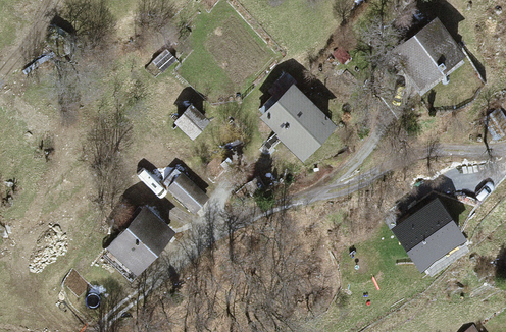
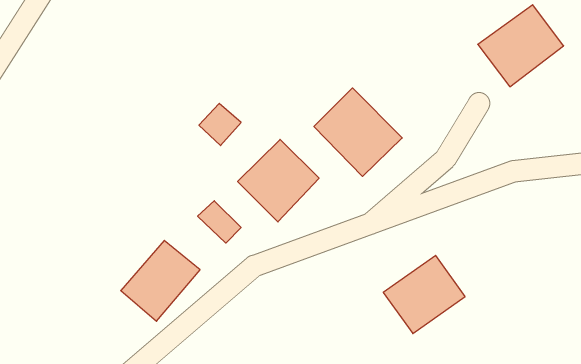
building: none -> [238,139,319,222]
building: [397,204,462,266] -> [383,255,465,334]

